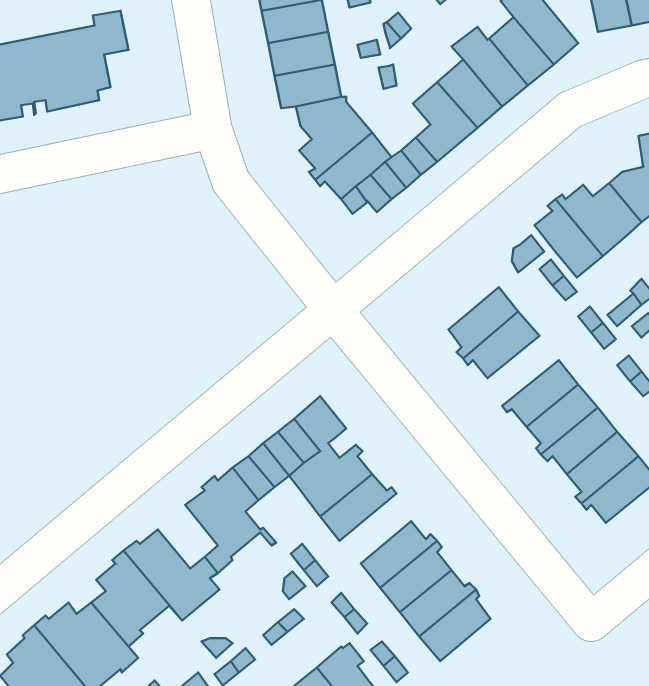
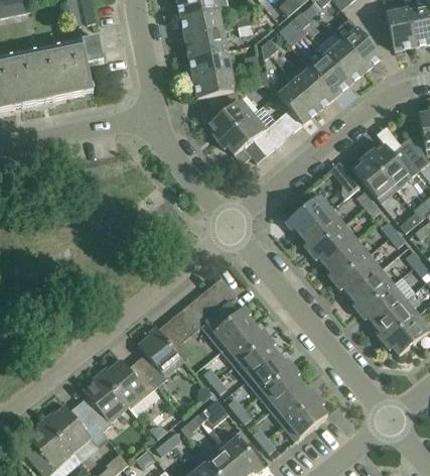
building: none -> [285,193,332,234]
building: none -> [325,238,370,281]
building: none -> [234,336,278,379]

